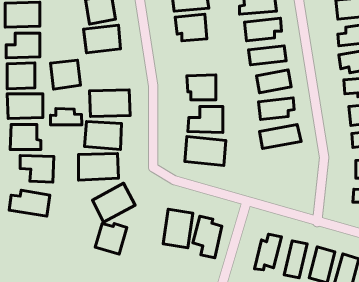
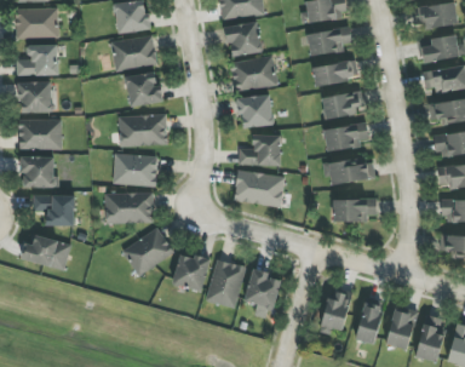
building: none -> [231,57,277,90]
building: [51,60,80,89] -> [126,71,162,107]
building: [50,108,82,125] -> none
building: none -> [333,197,378,220]
building: [95,223,127,254] -> [172,253,211,291]

